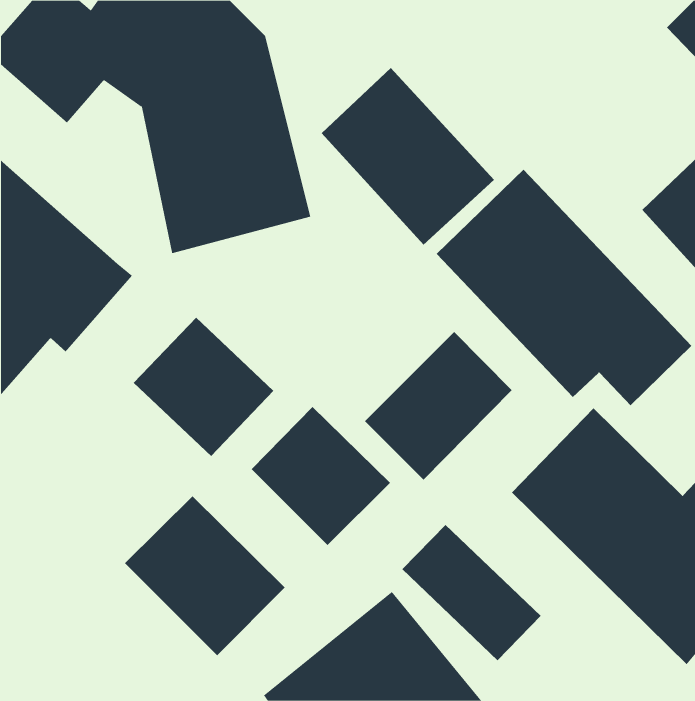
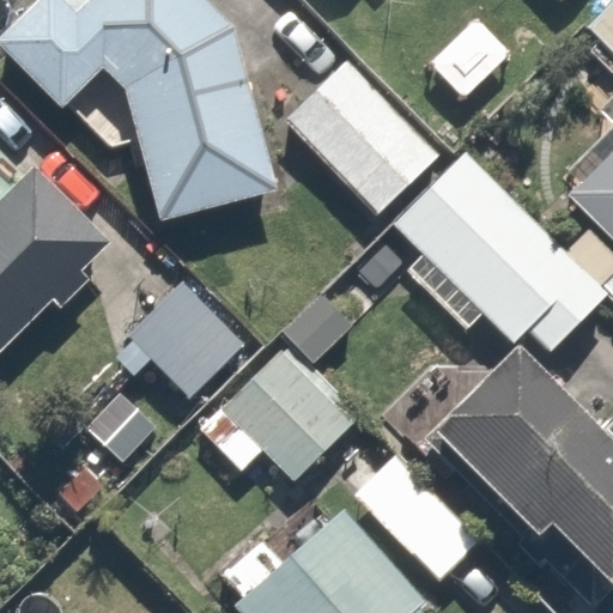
building: [364,331,513,481] -> none
building: [124,496,285,656] -> none

